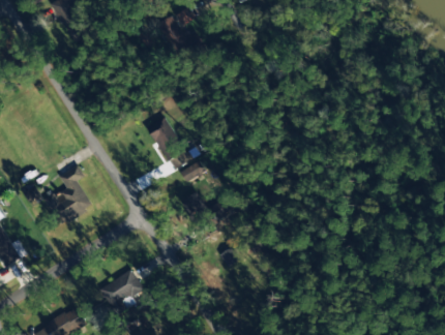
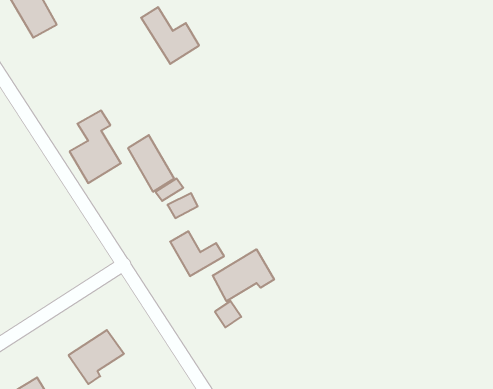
building: [52,165,92,222] -> [70,111,121,183]
building: none -> [213,249,274,301]

